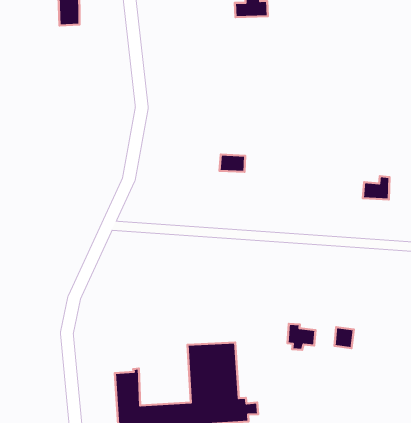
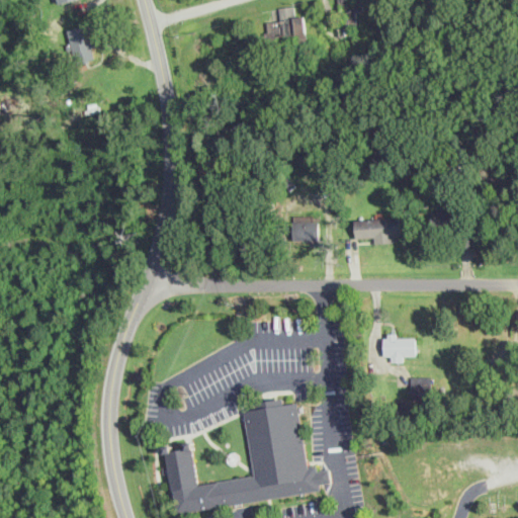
building: [220,155,245,172] -> [289,223,318,242]
building: none -> [352,220,398,245]
building: [287,324,315,350] -> [383,335,414,363]

